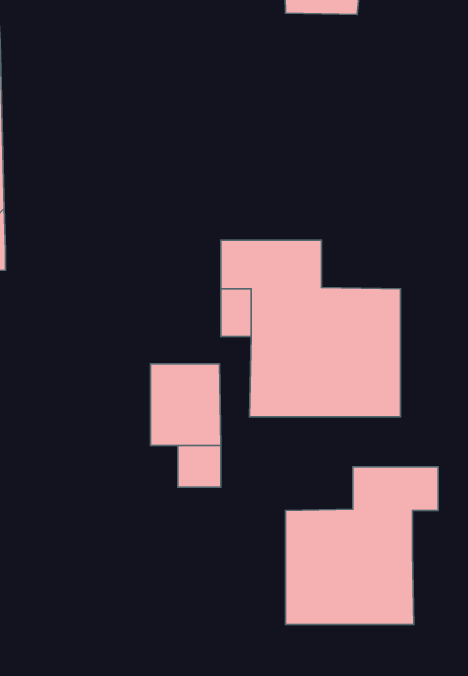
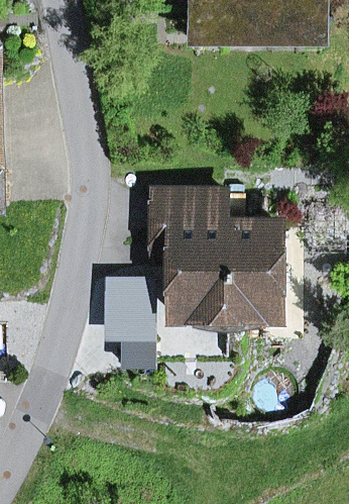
building: [285,467,438,624] -> none

